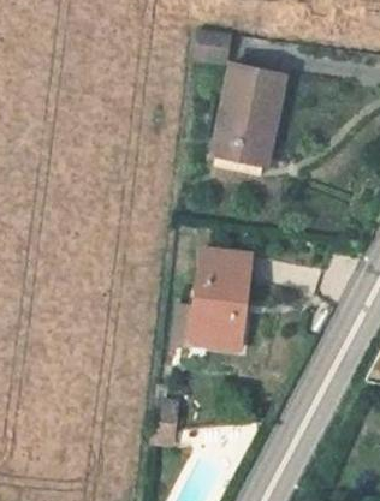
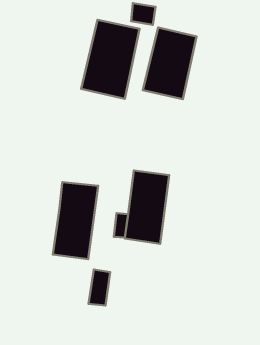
building: none -> [81,20,139,99]
building: none -> [53,182,98,259]

